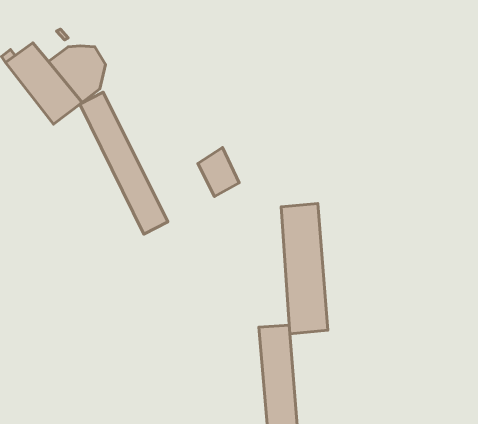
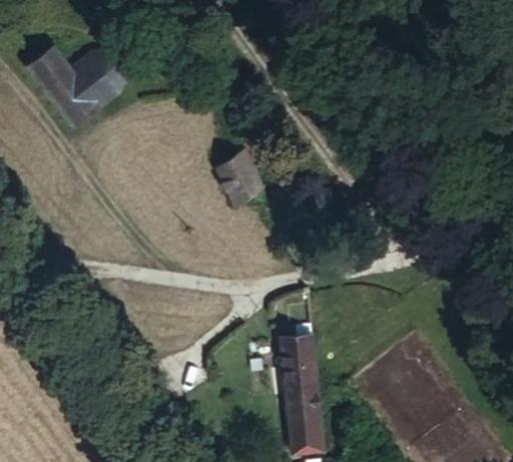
building: [80,92,168,234] -> none
building: [281,204,328,334] -> none

